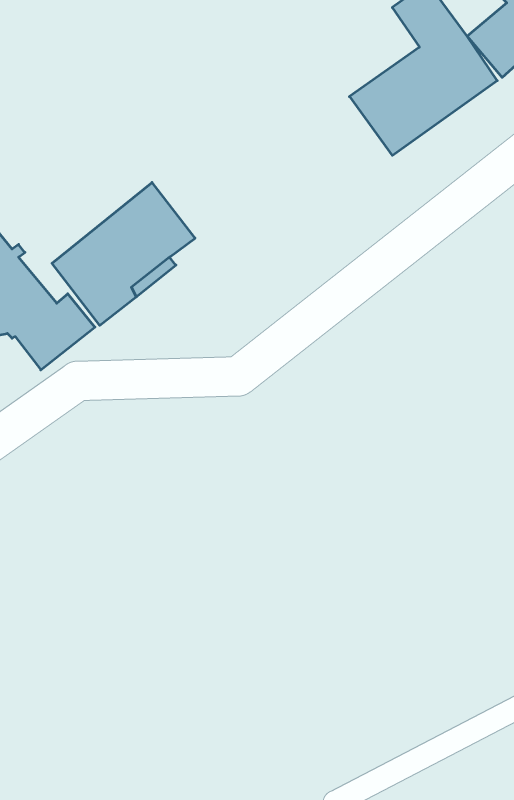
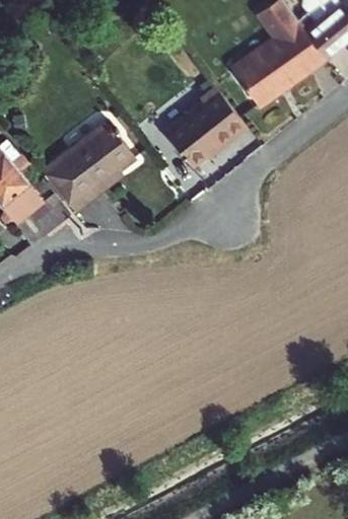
building: none -> [159,85,242,164]

